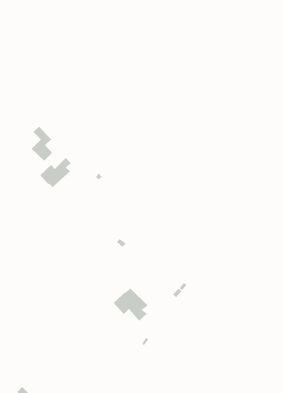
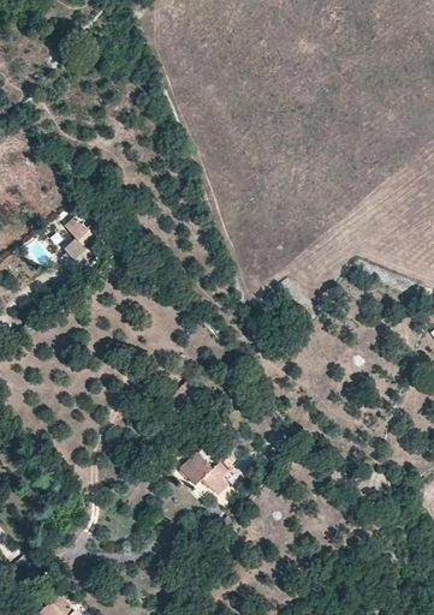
building: [39,157,72,188] -> none

